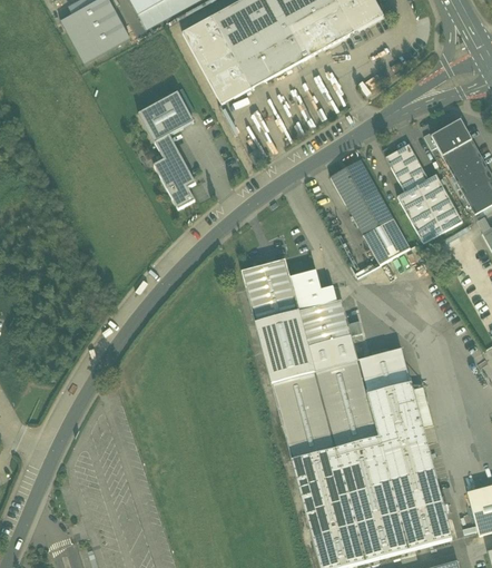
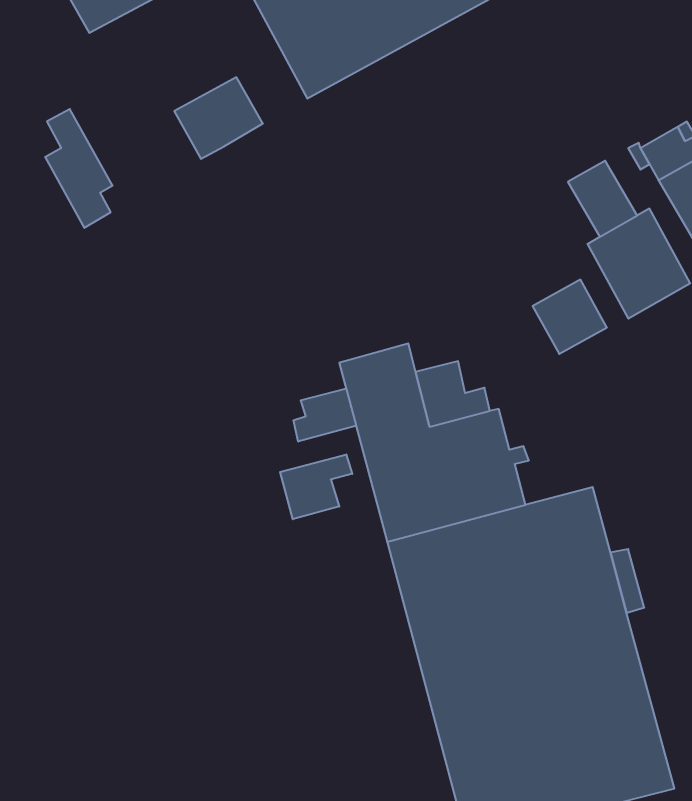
building: [154,134,196,208] -> [45,109,113,228]
building: [331,158,393,234] -> none
building: none -> [293,389,356,442]
building: none -> [280,454,352,519]

